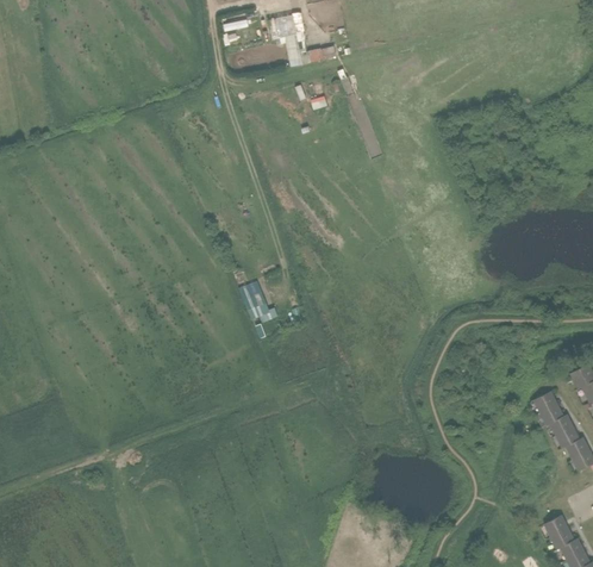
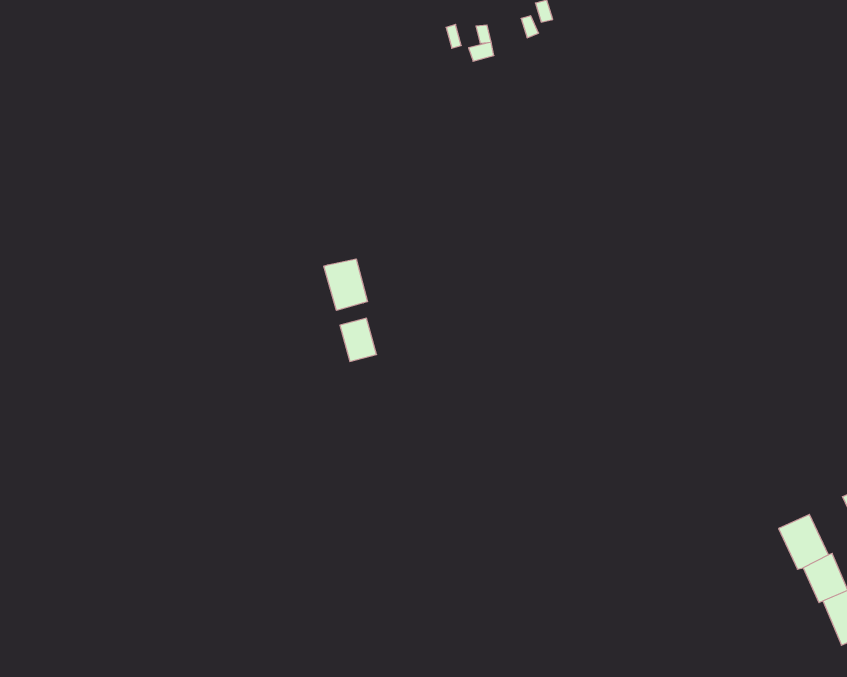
building: none -> [324,259,367,310]

